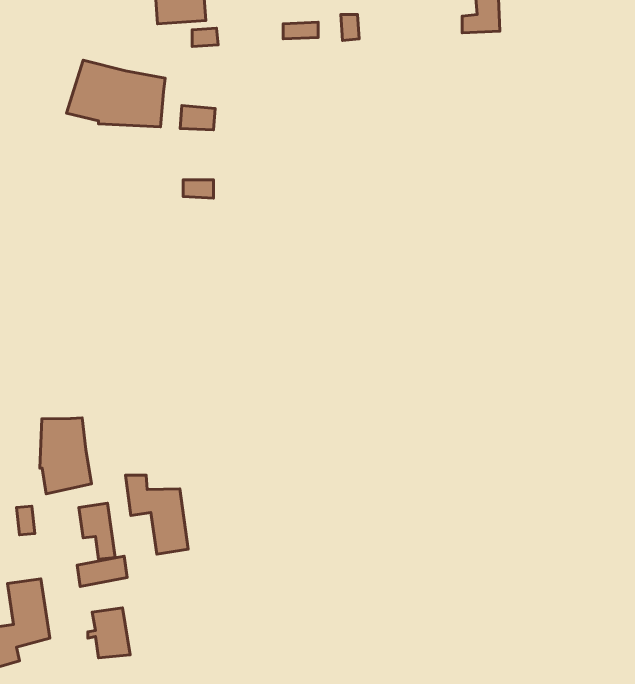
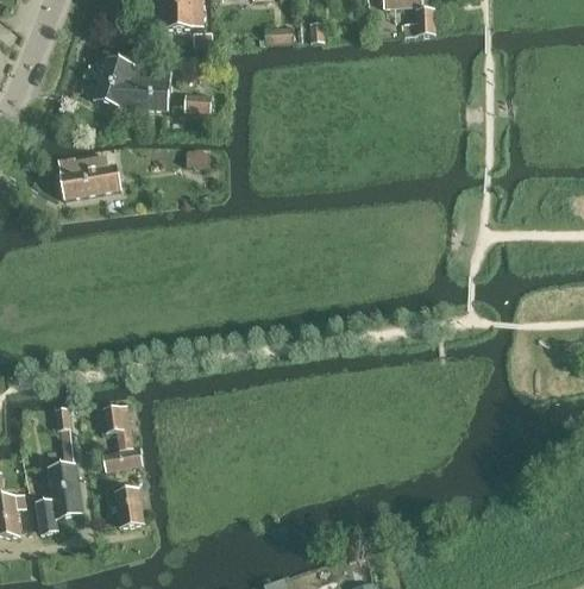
building: none -> [57,155,120,199]
building: [40,418,91,494] -> none
building: [125,475,188,554] -> none

